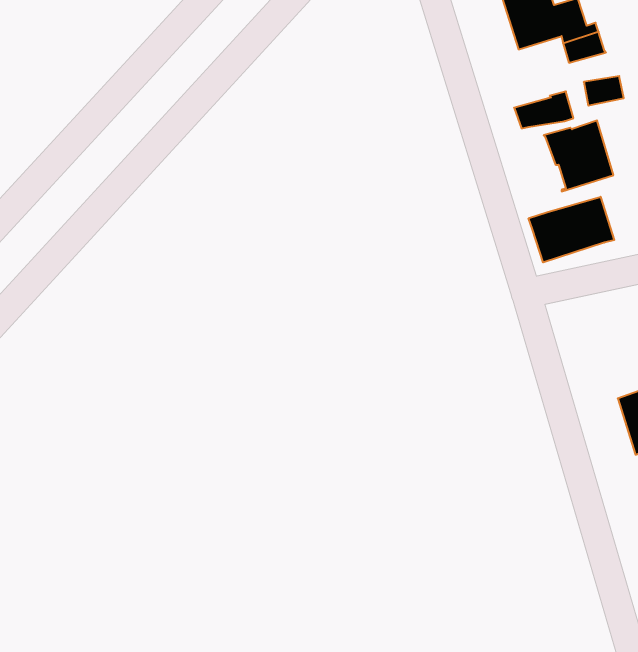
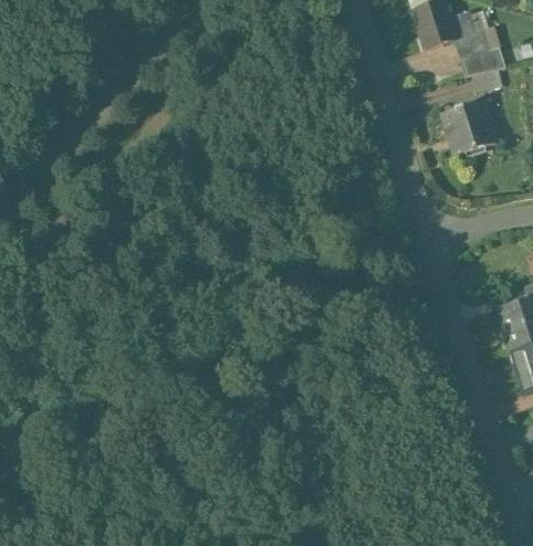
building: [514,91,573,128] -> [461,45,505,73]
building: [529,197,614,262] -> none

